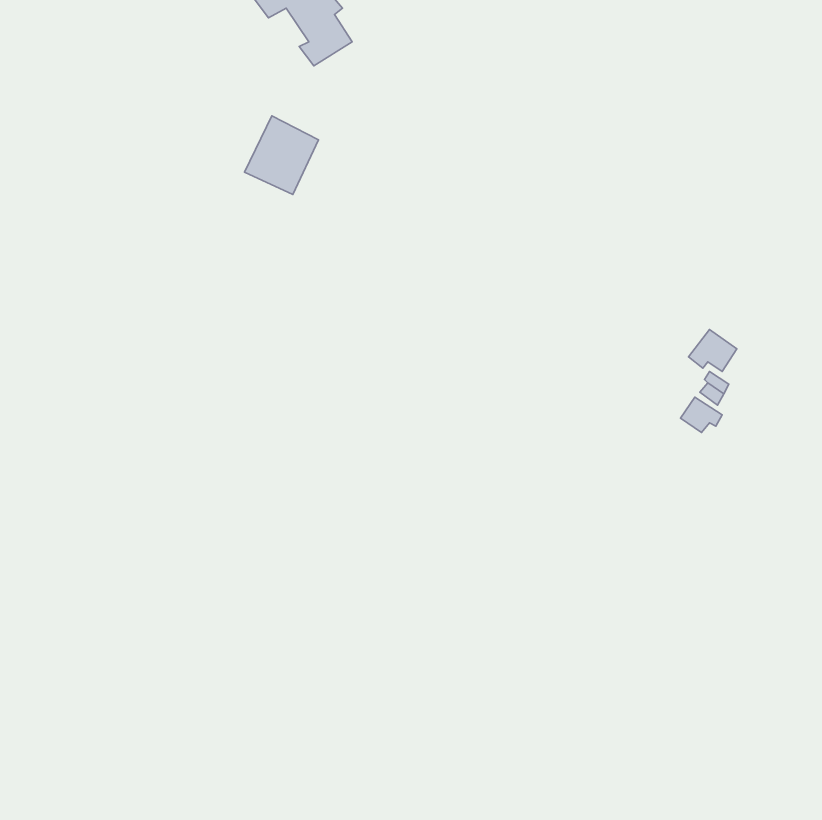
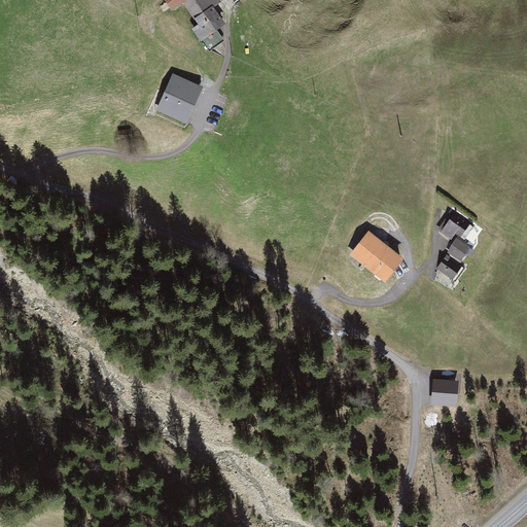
building: none -> [350,227,403,279]
building: none -> [433,380,456,402]

